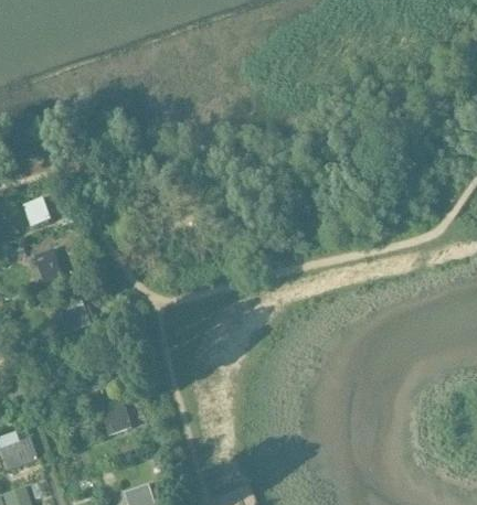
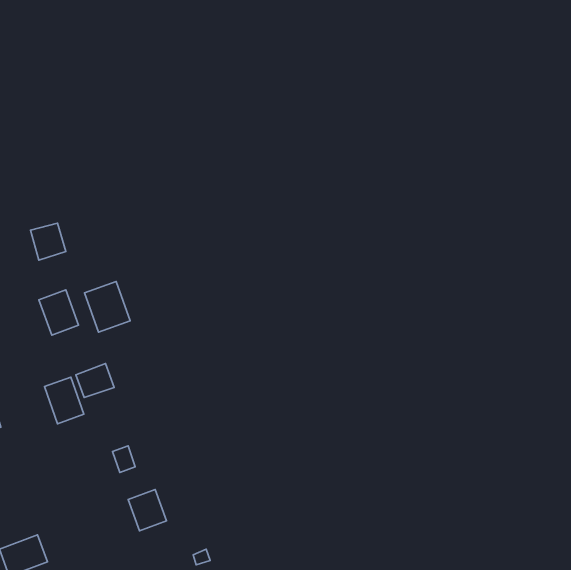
building: none -> [84,282,130,332]
building: none -> [44,377,84,424]

